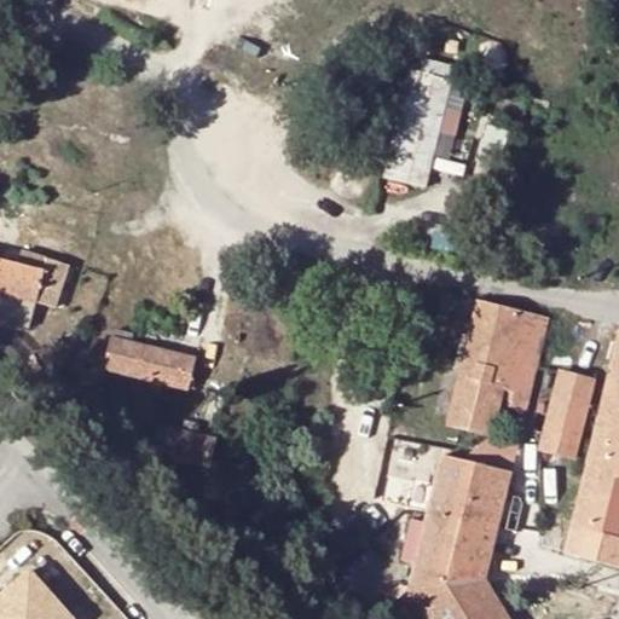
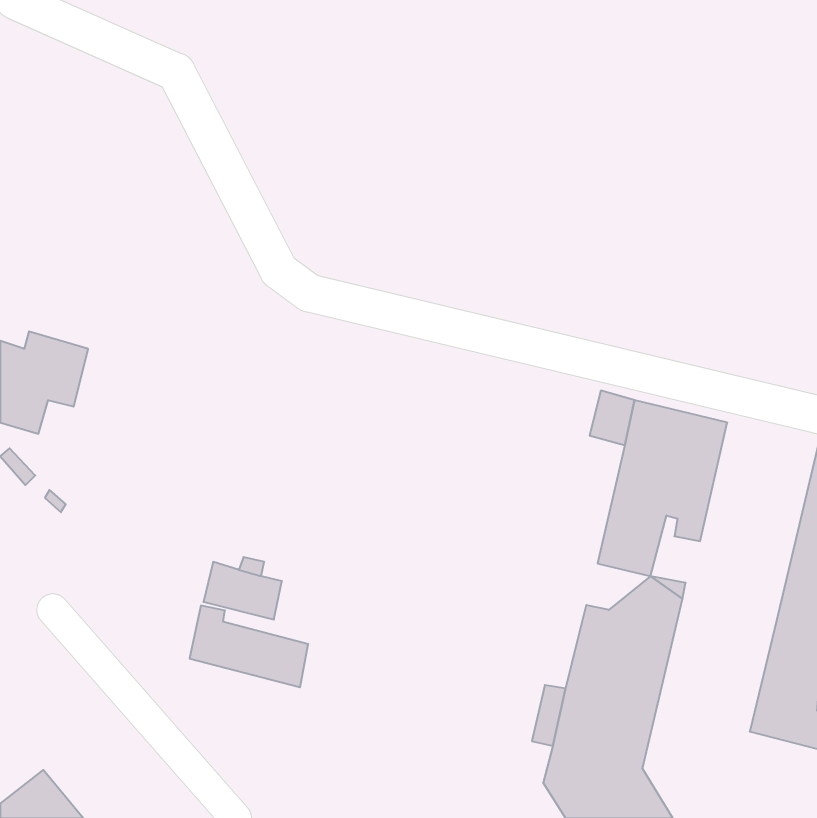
building: [387,74,451,190] -> none
building: [106,329,196,391] -> [190,606,308,687]
building: [543,371,595,458] -> none

